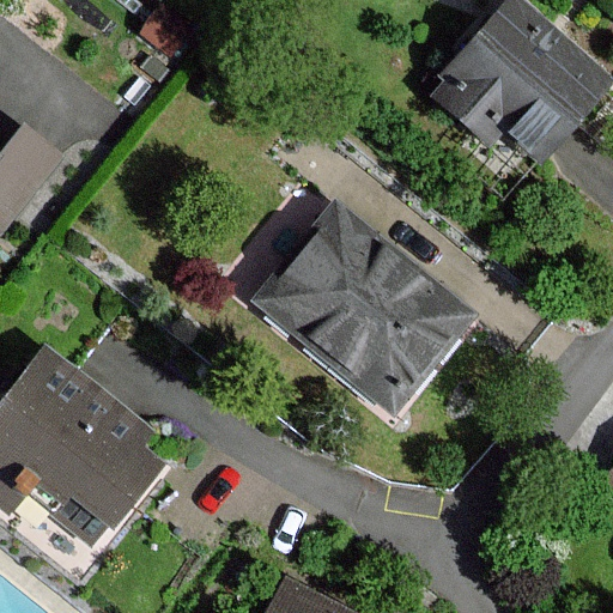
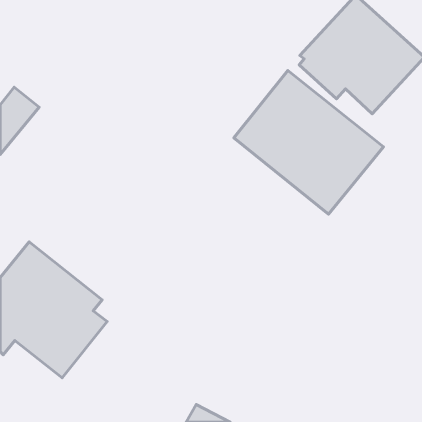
building: [257,205,473,412] -> [234,70,383,214]

